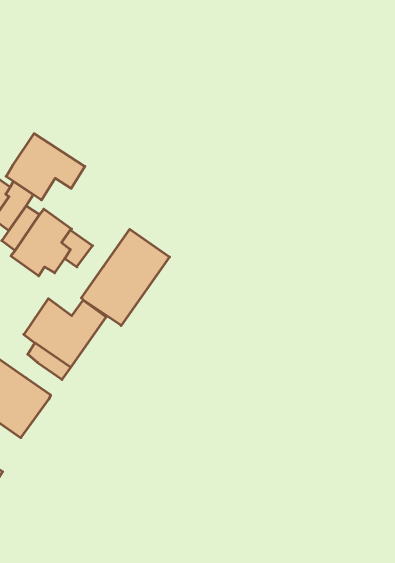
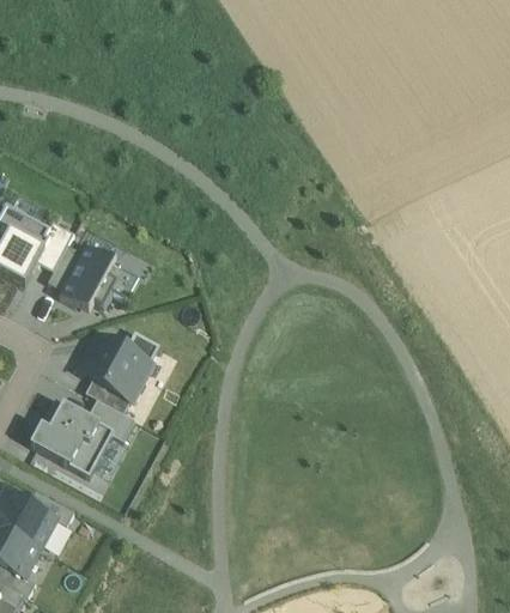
building: [6,134,85,200] -> none
building: [81,229,170,326] -> none
building: none -> [87,400,135,442]

